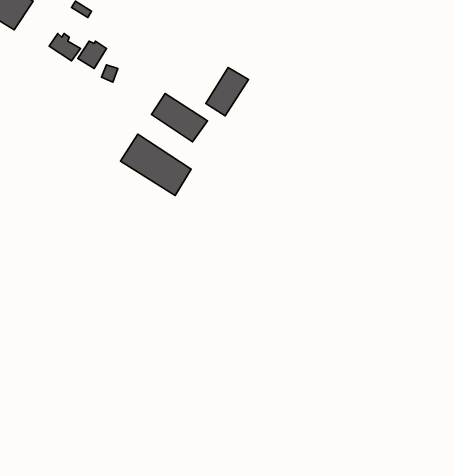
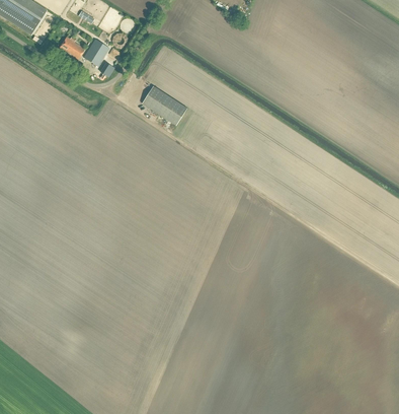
building: [206,68,249,116] -> none
building: [120,134,191,196] -> none

